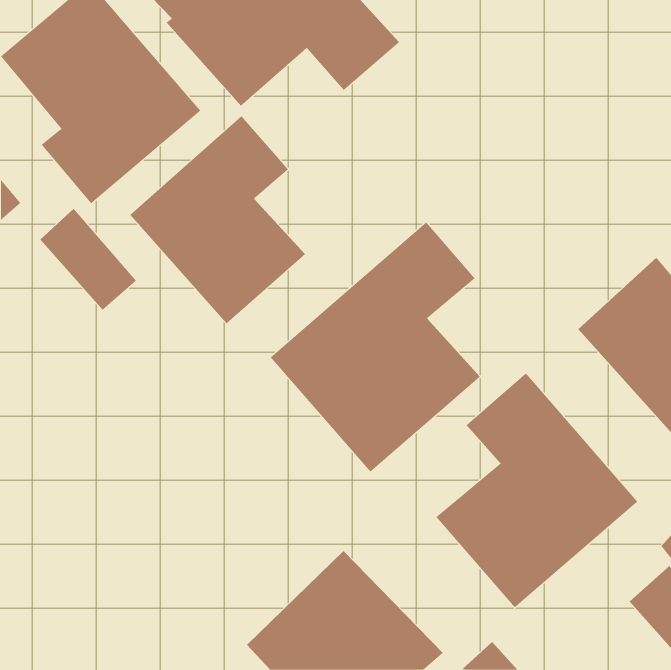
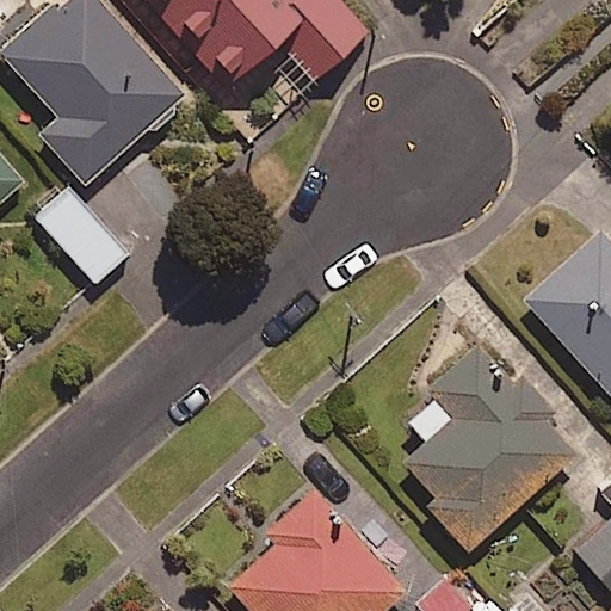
building: [129,116,306,324] -> none
building: [270,222,481,472] -> none

